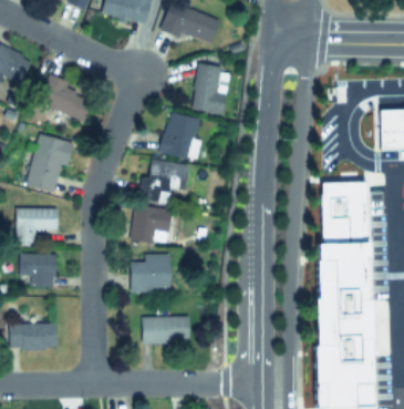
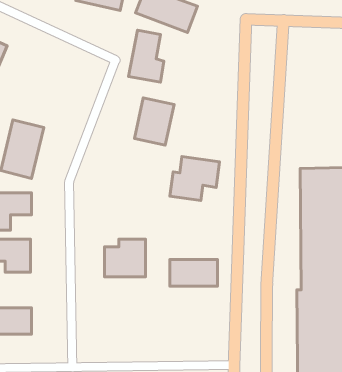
building: [190,62,226,114] -> [129,30,164,82]
building: [42,76,91,119] -> none
building: [138,160,188,204] -> [170,156,220,201]
building: [130,204,172,244] -> none
building: [142,316,189,342] -> [170,260,217,286]

